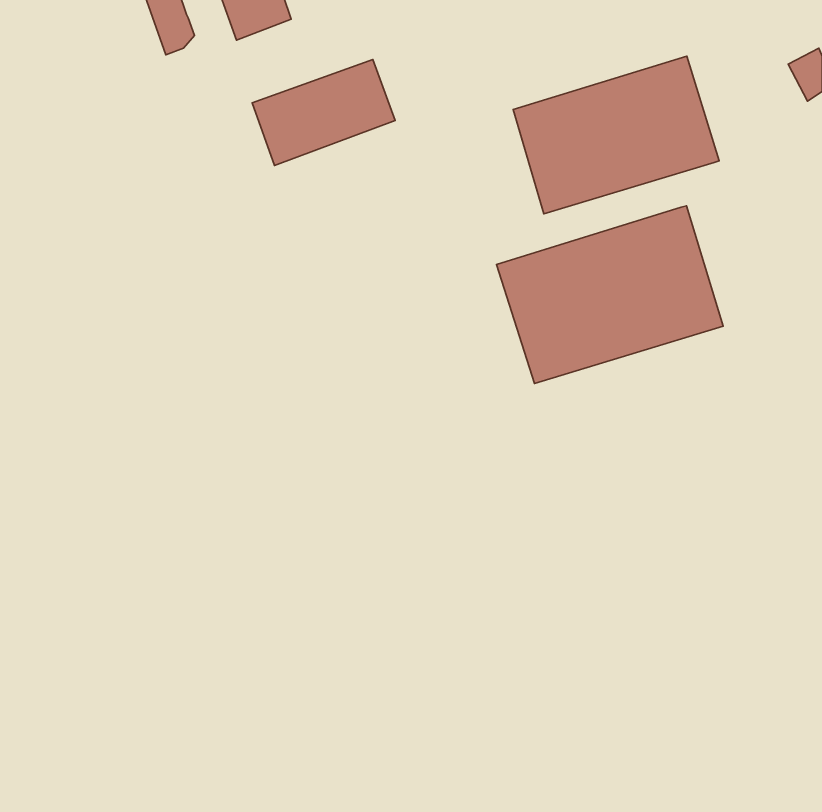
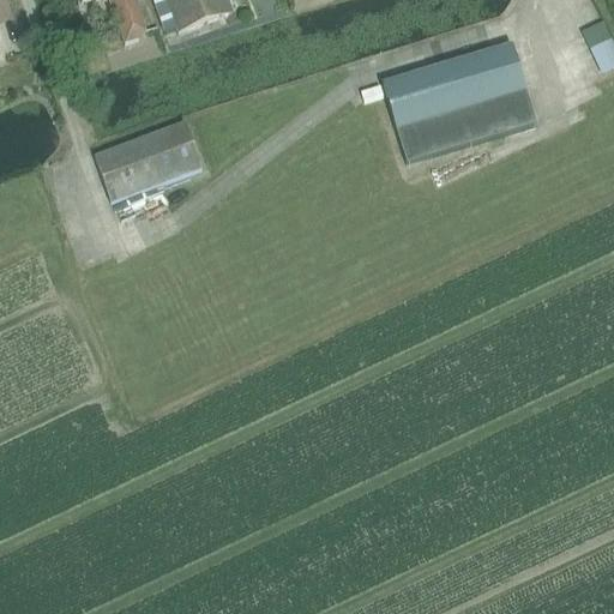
building: [252,59,395,166] -> [94,121,200,200]
building: [497,206,723,384] -> none

